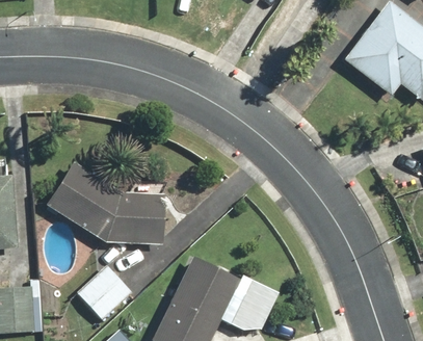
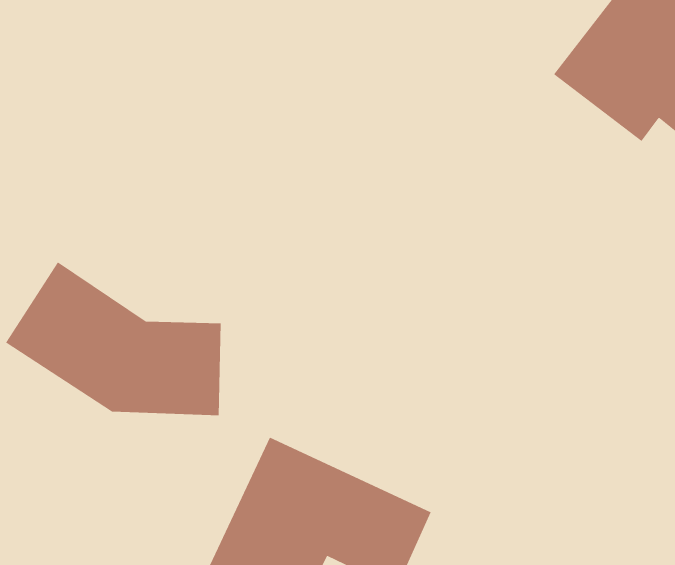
building: [78,265,132,319] -> none

